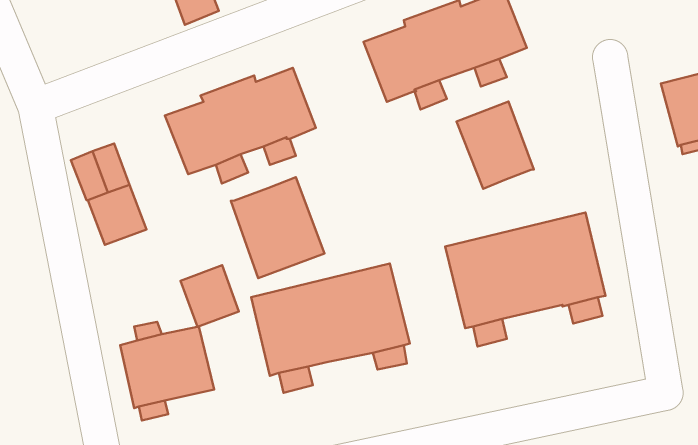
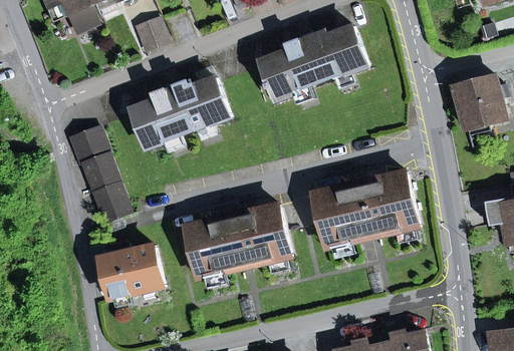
building: [457,101,534,189] -> none
building: [231,177,325,278] -> none
building: [180,265,239,327] -> [91,181,130,221]

